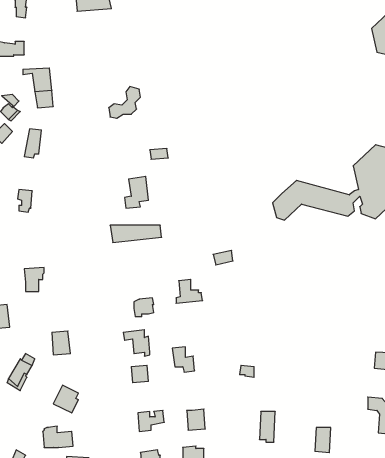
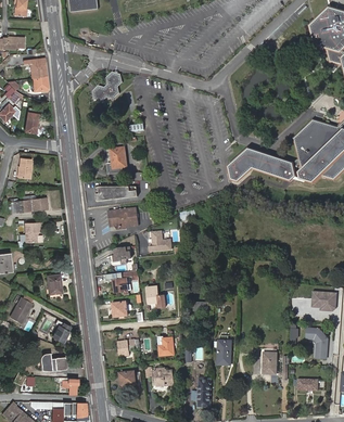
building: none -> [11,195,48,213]
building: none -> [110,208,137,230]

